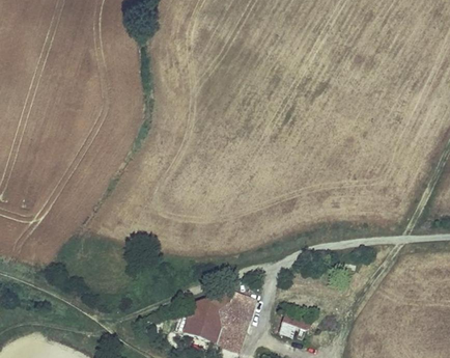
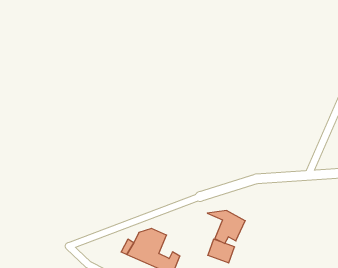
building: [210,294,257,334] -> [207,211,245,243]

